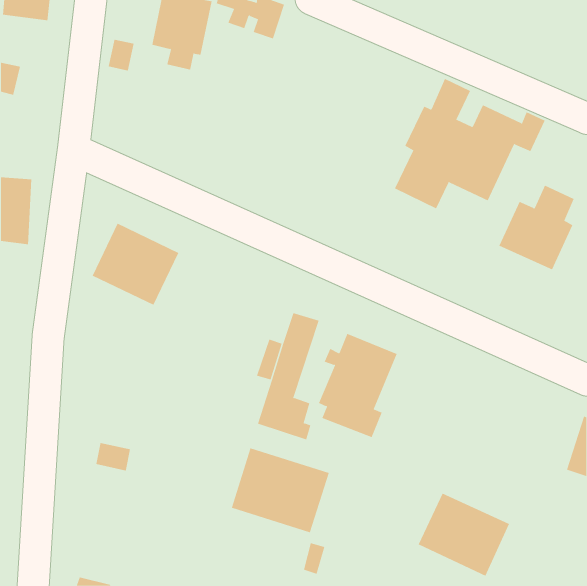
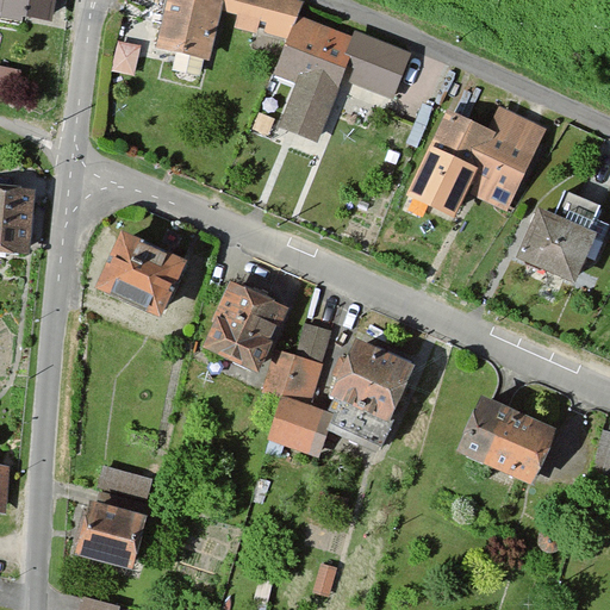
building: none -> [275,14,409,139]
building: none -> [208,284,280,371]
building: [231,447,329,533] -> none
building: none -> [77,492,160,567]
building: [418,493,510,577] -> [459,396,554,483]

